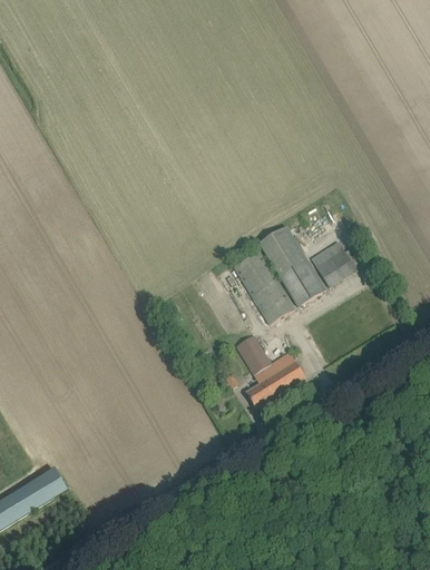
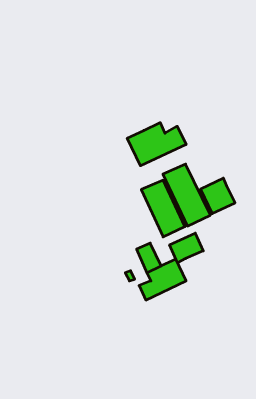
building: none -> [127,123,186,166]
building: none -> [170,233,203,263]

